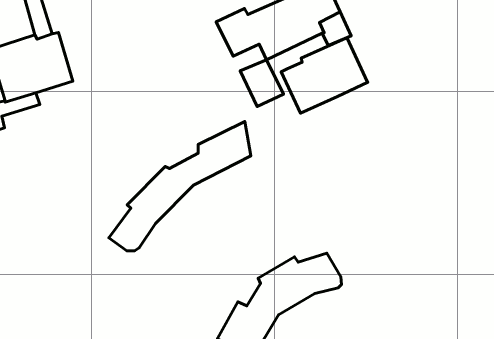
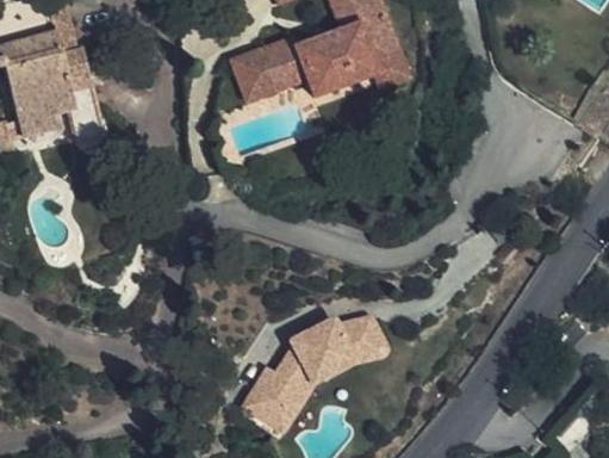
building: [281,38,368,113] -> none
building: [240,60,284,106] -> [230,54,276,105]
building: [109,122,251,251] -> none

